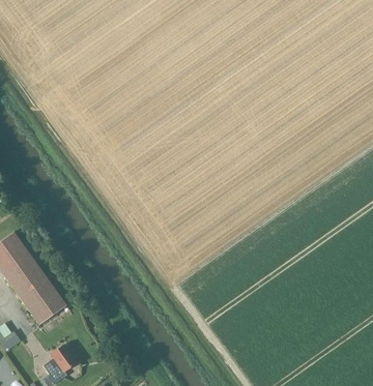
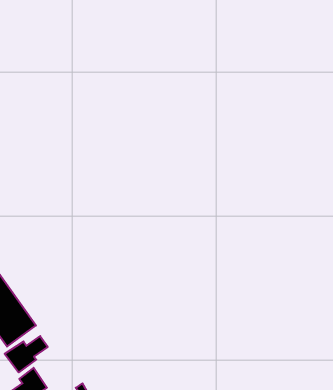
building: none -> [5,336,48,372]

